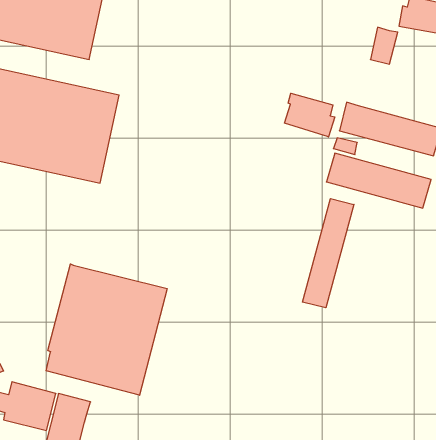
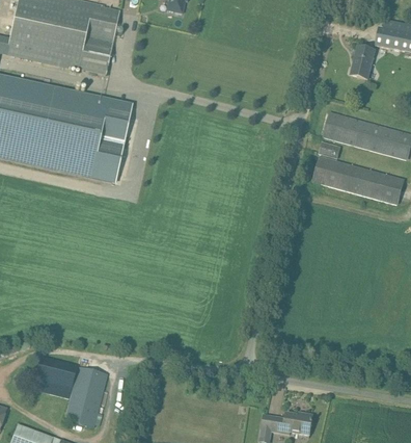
building: [285,93,335,137] -> none
building: [302,199,354,308] -> none
building: [46,264,167,395] -> none

